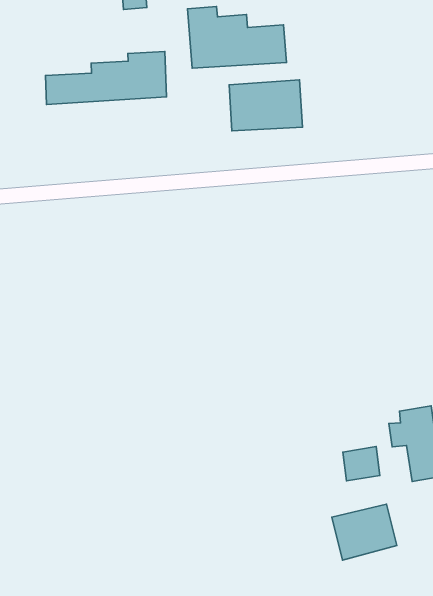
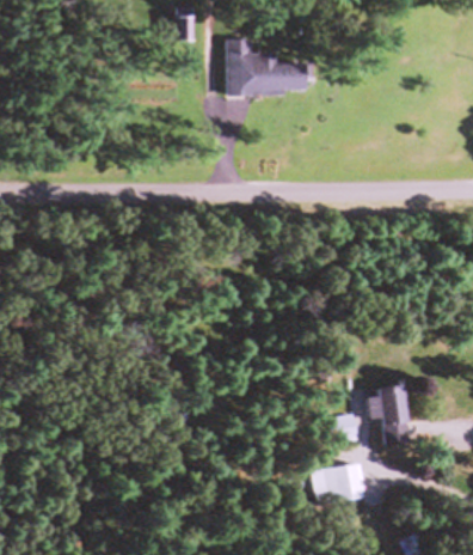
building: [45,51,167,104] -> none
building: [229,80,303,131] -> none

